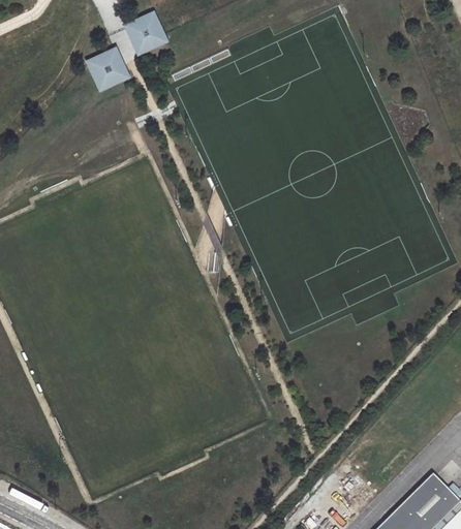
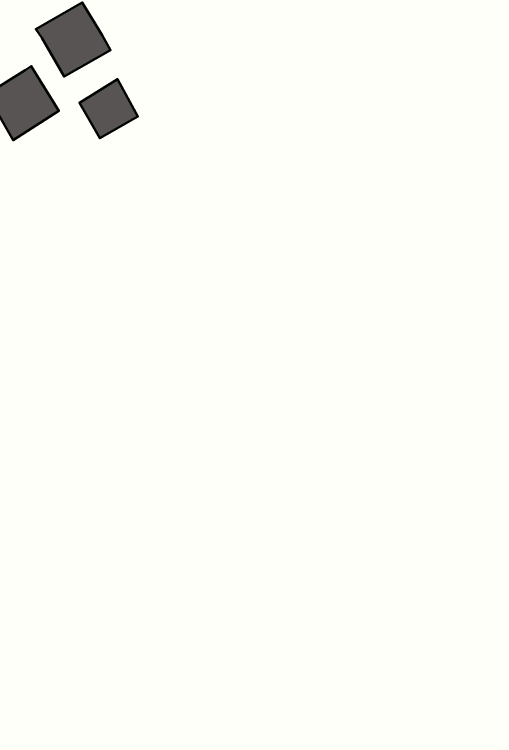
building: none -> [79,79,138,138]

